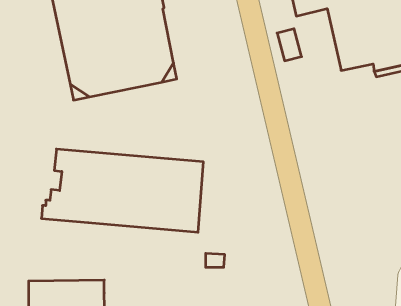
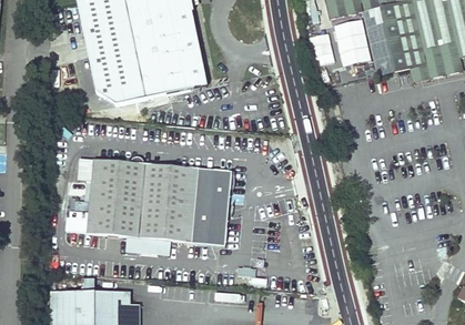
building: none -> [333,18,371,65]

